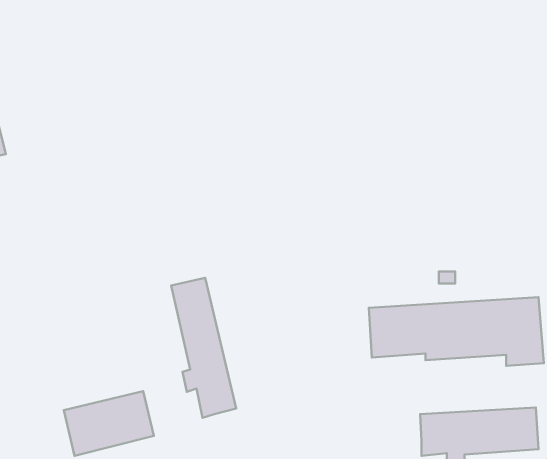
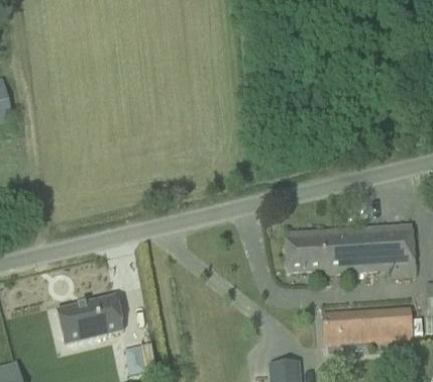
building: [171,278,236,418] -> none

